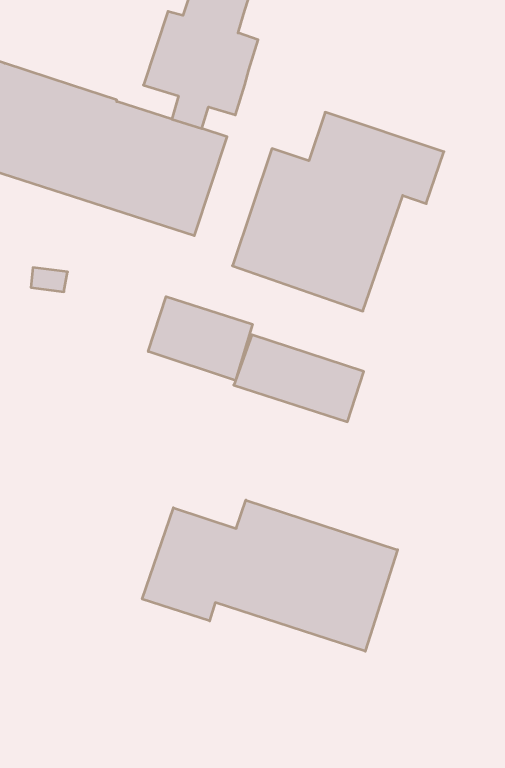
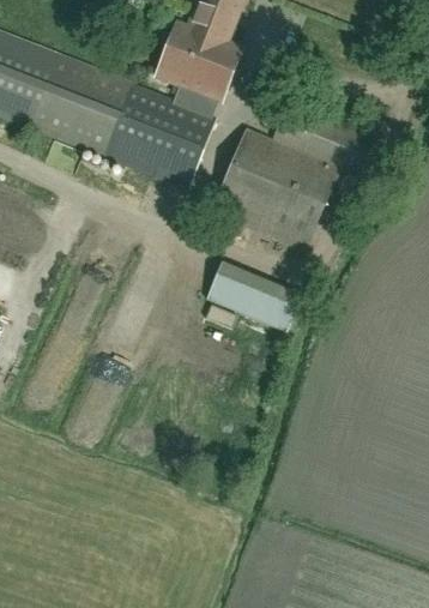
building: [148,297,252,380] -> none
building: [142,500,398,651] -> none

